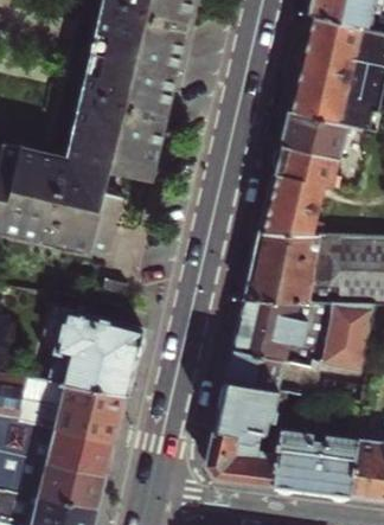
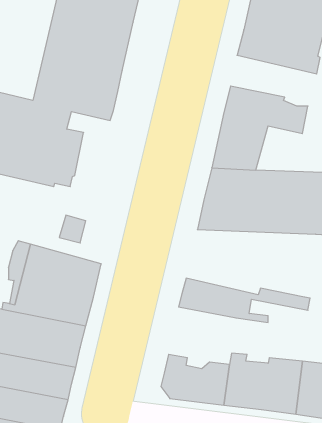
building: [281,110,373,165] -> none
building: [233,297,372,370] -> none
building: [215,380,287,447] -> none

